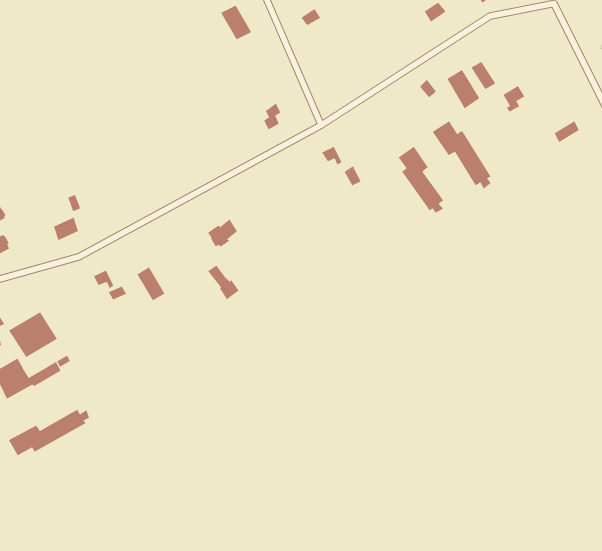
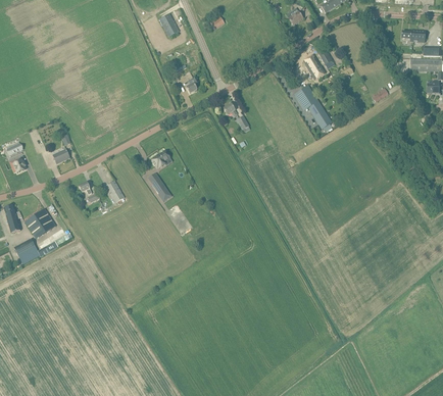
building: [398,146,444,213] -> none
building: [8,409,90,456] -> none

